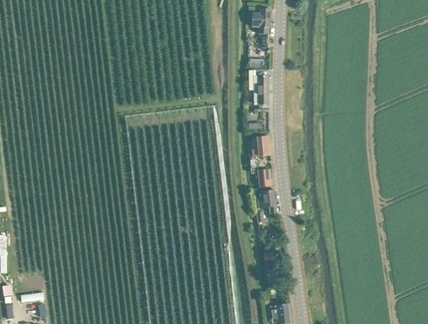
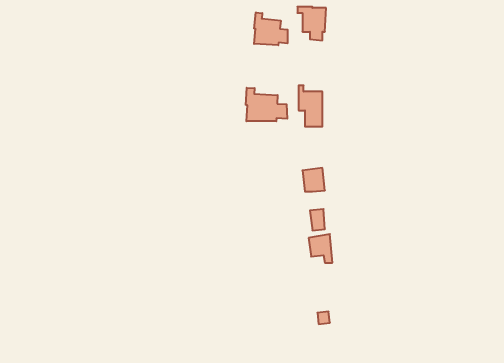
building: none -> [254,12,288,45]
building: none -> [246,88,287,121]

